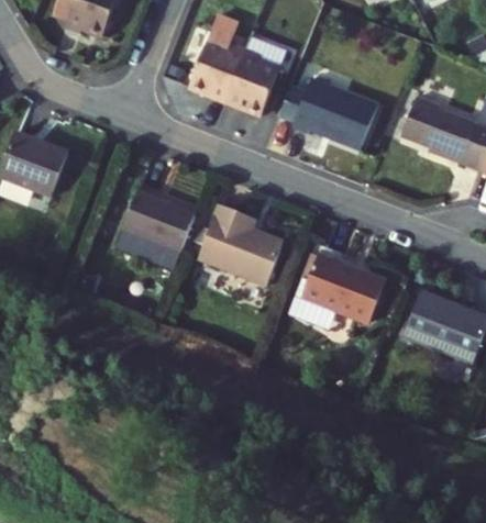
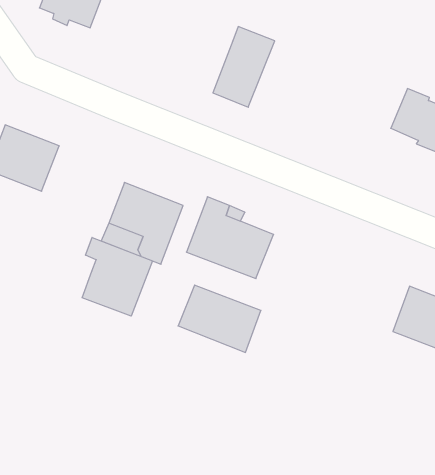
building: [187,13,244,100] -> none
building: [278,77,378,149] -> none
building: none -> [82,237,153,316]
building: [302,256,385,323] -> [178,285,261,352]

